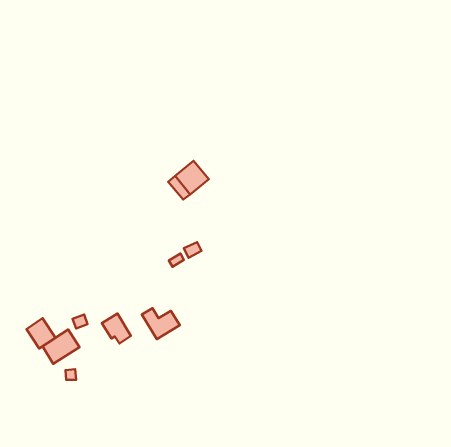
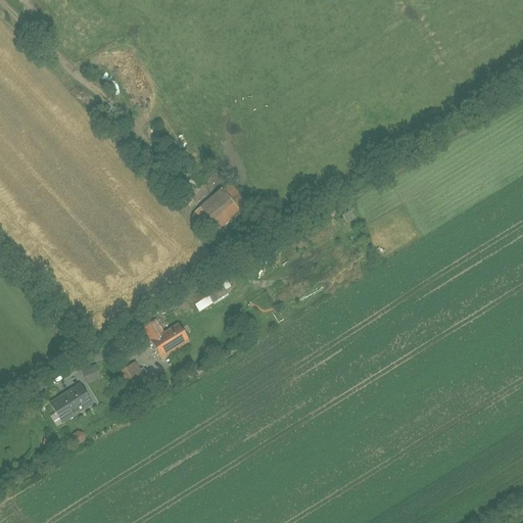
building: [142,308,180,339] -> [145,319,189,354]
building: [27,318,56,348] -> none

